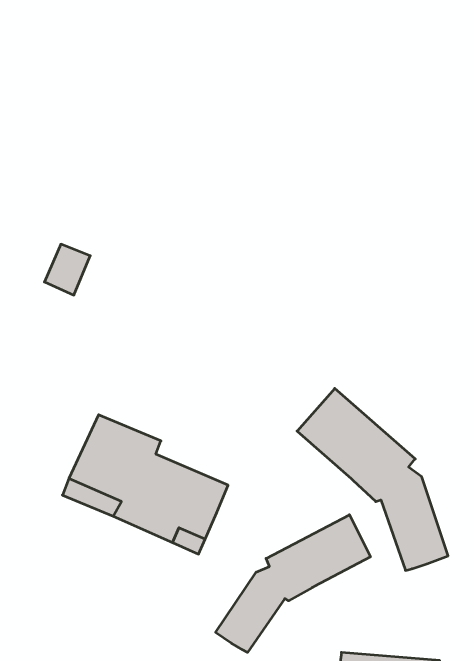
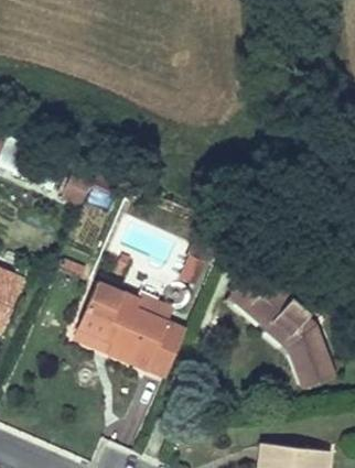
building: [216,515,370,652] -> none

